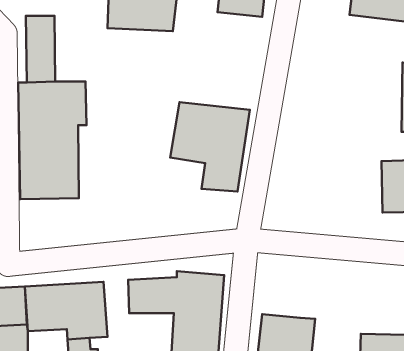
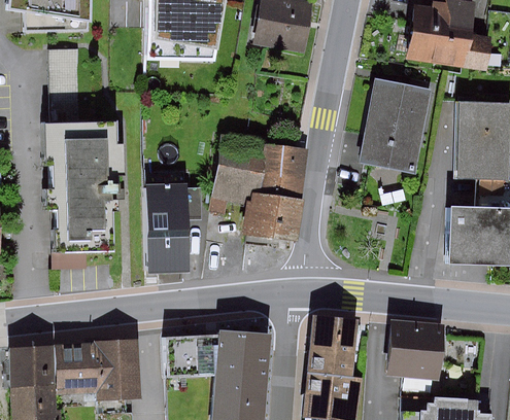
building: none -> [363,79,426,170]
building: none -> [147,184,188,271]
building: none -> [311,315,358,376]
building: none -> [385,327,440,379]

